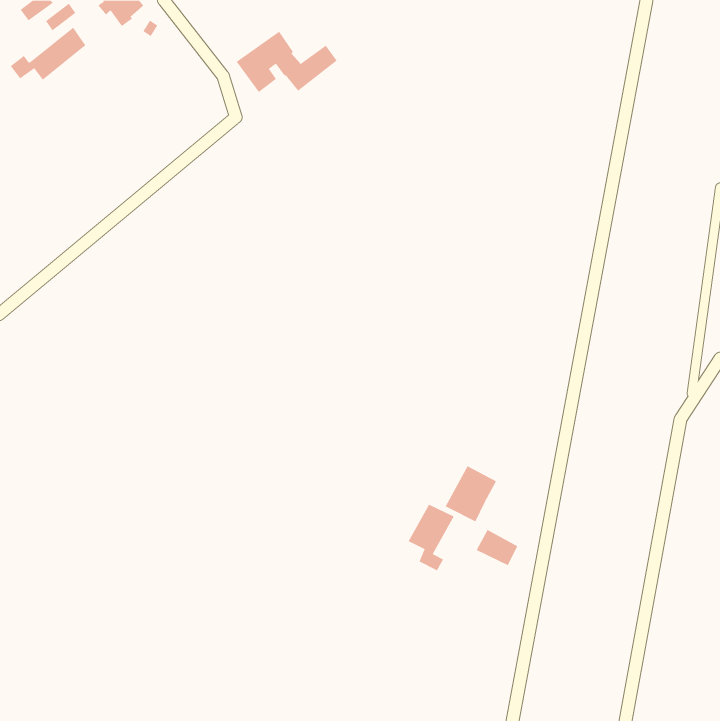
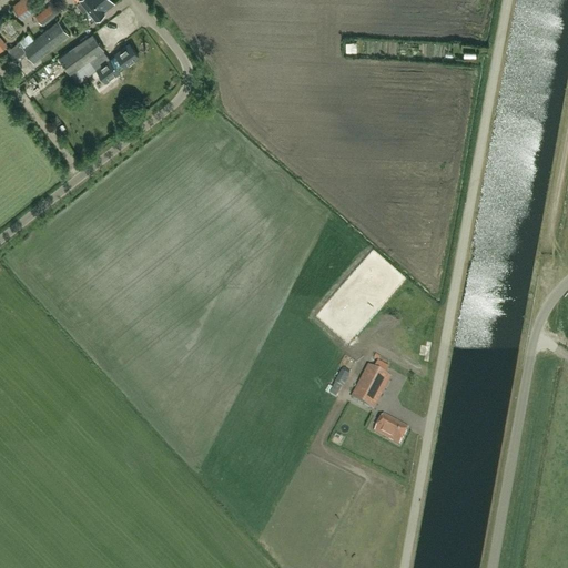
building: [236,31,337,93] -> [58,33,138,82]
building: [408,504,454,571] -> none

